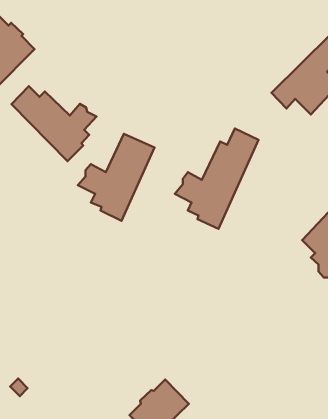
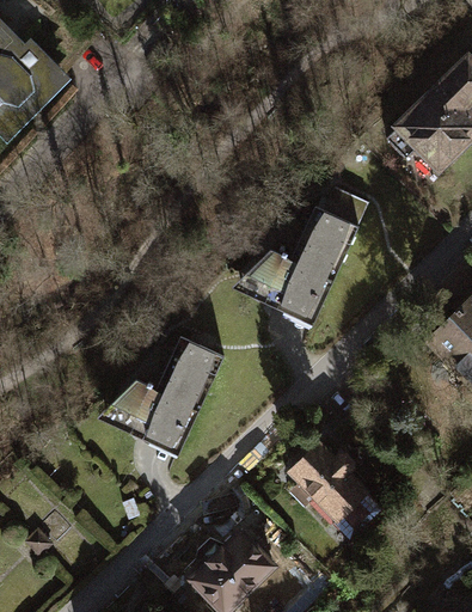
building: [11,86,96,161] -> none
building: [78,134,154,221] -> [117,336,222,455]
building: none -> [289,442,381,539]

